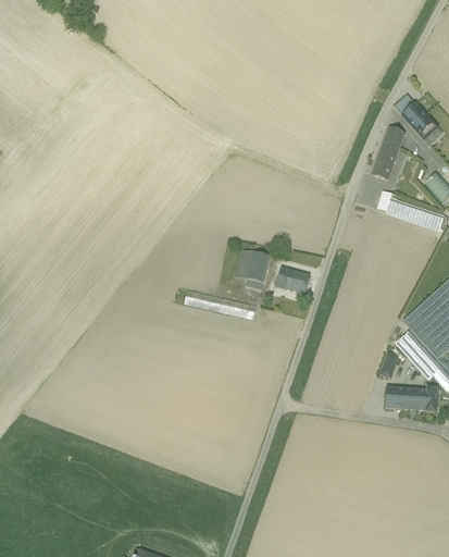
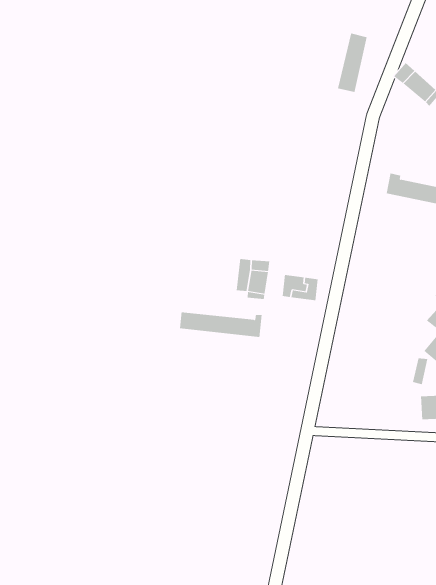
building: [373,127,404,180] -> [337,33,367,93]

